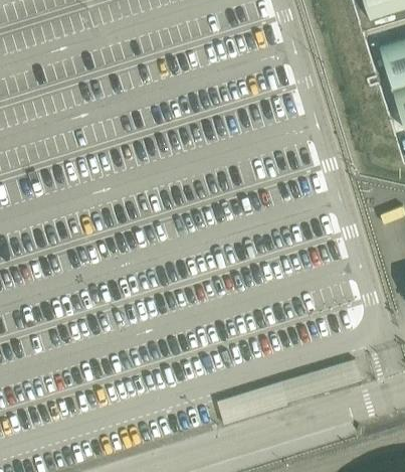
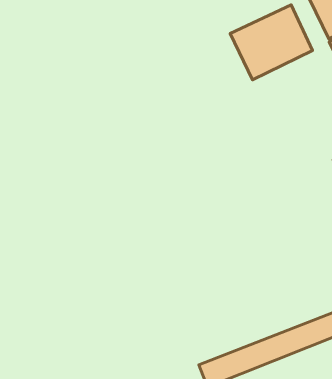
building: none -> [230,5,313,80]

